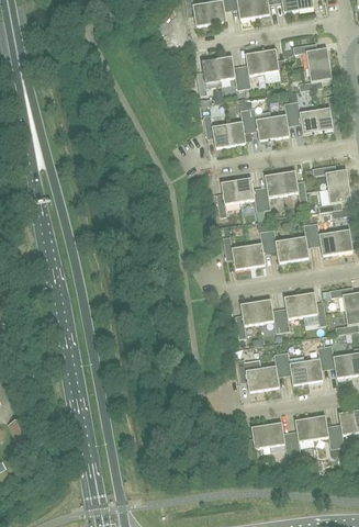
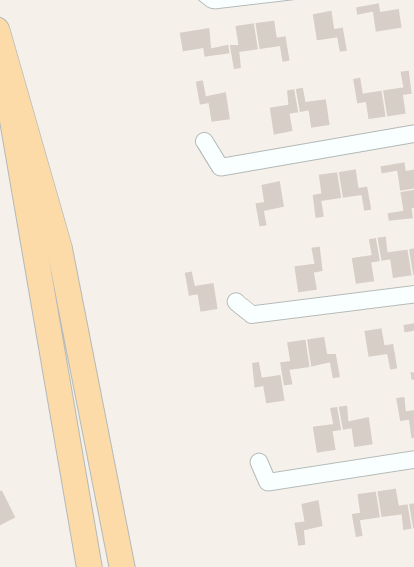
building: [240,52,263,88] -> none
building: none -> [179,27,230,58]
building: [299,63,332,90] -> none
building: [271,101,294,137] -> none
building: [203,114,231,147] -> [195,80,231,123]
building: [236,177,262,210] -> none
building: [267,228,293,261] -> none
building: [223,236,249,268] -> [184,271,218,312]
building: [279,294,303,330] -> none
building: [304,346,327,382] -> none
building: [237,358,263,391] -> [251,361,285,404]
building: [266,422,293,455] -> none

